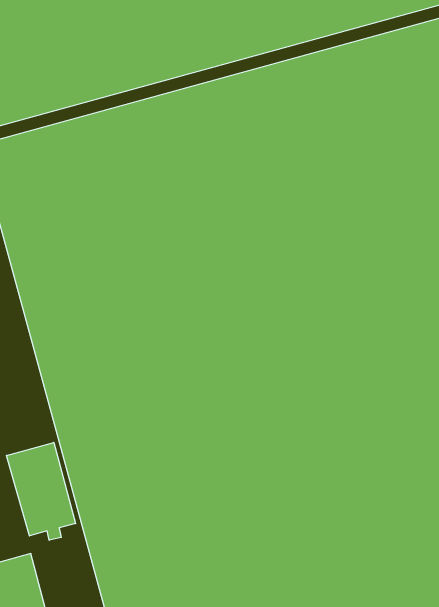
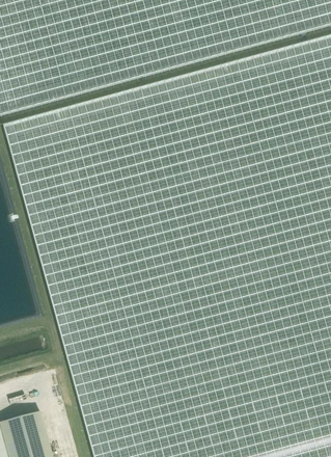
building: [7,442,76,540] -> none

